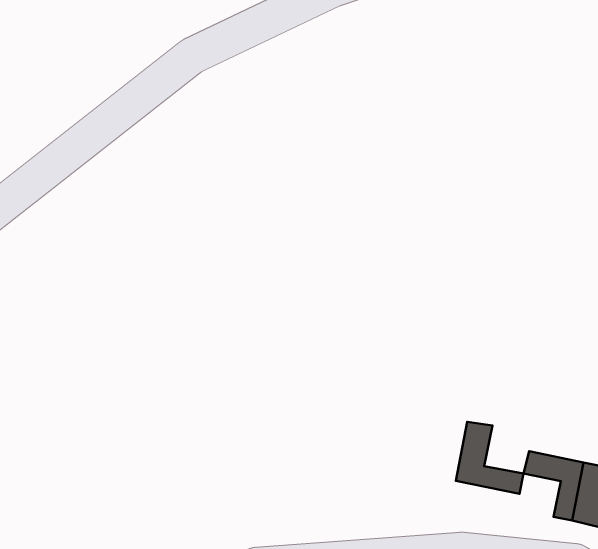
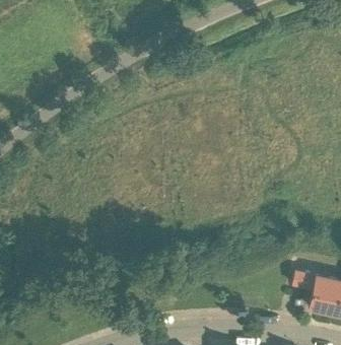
building: [456,422,523,494] -> none

